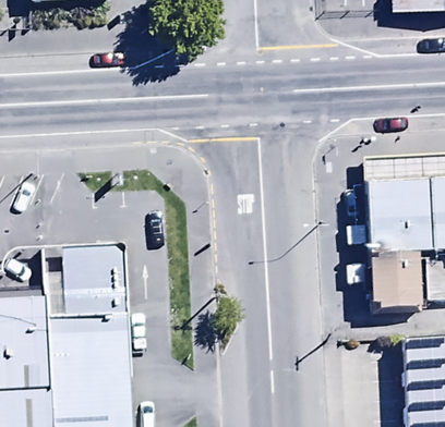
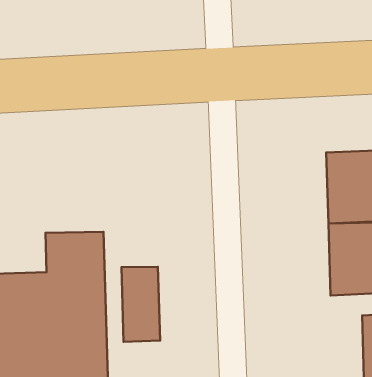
building: none -> [121,267,160,342]

